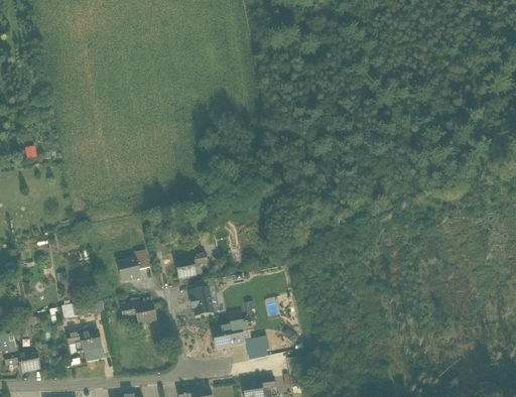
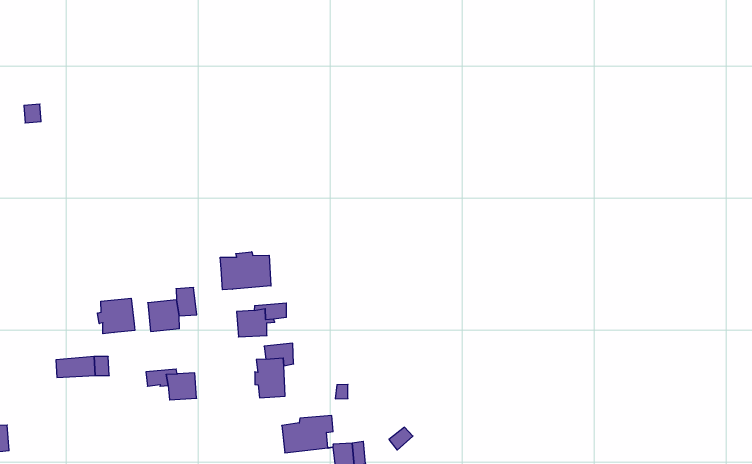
building: none -> [220,252,271,290]
building: none -> [97,298,135,334]
building: [67,330,104,362] -> none

